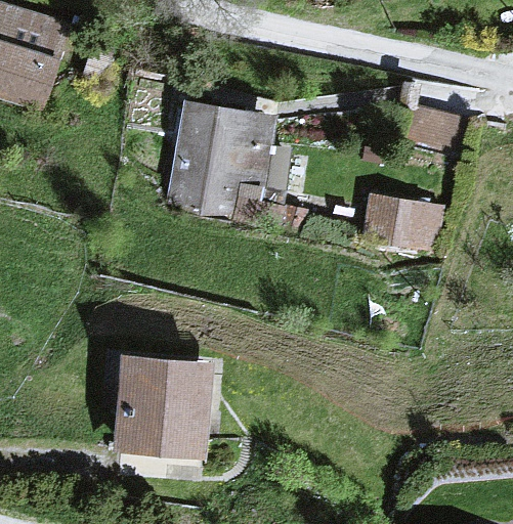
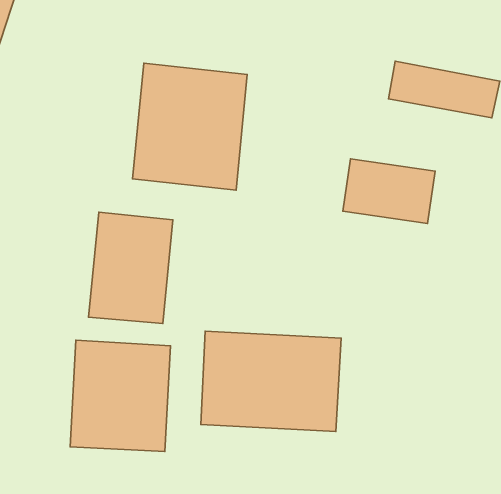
building: none -> [89,212,173,324]
building: none -> [201,331,341,432]

